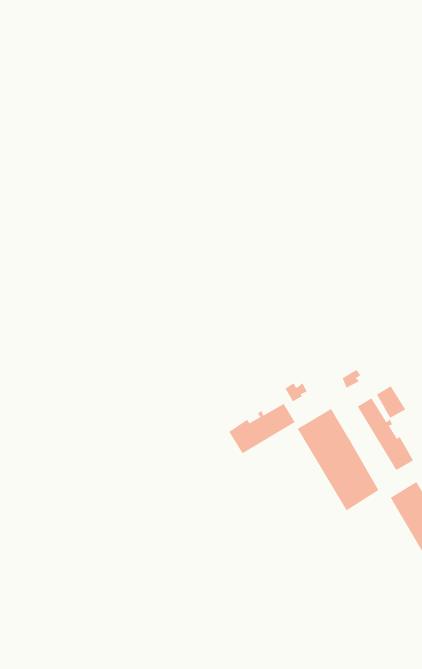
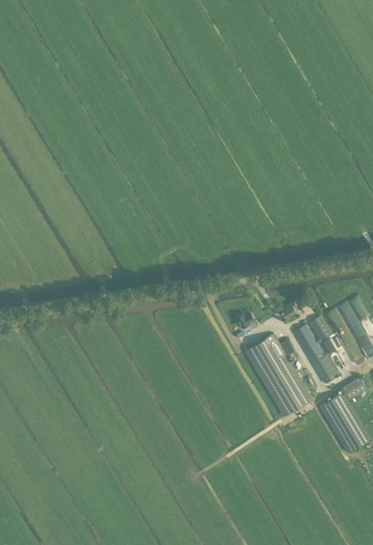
building: [228,403,295,454] -> none

